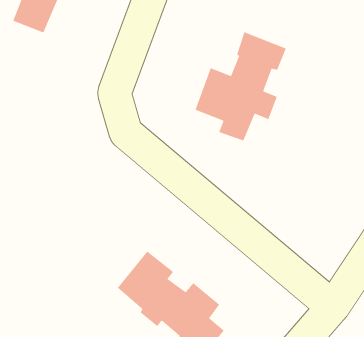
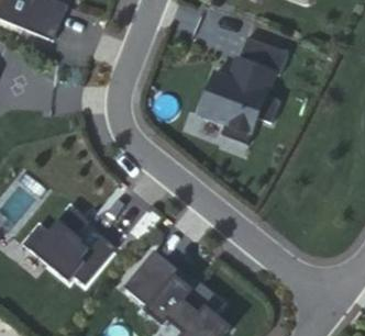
building: none -> [21,205,114,285]

